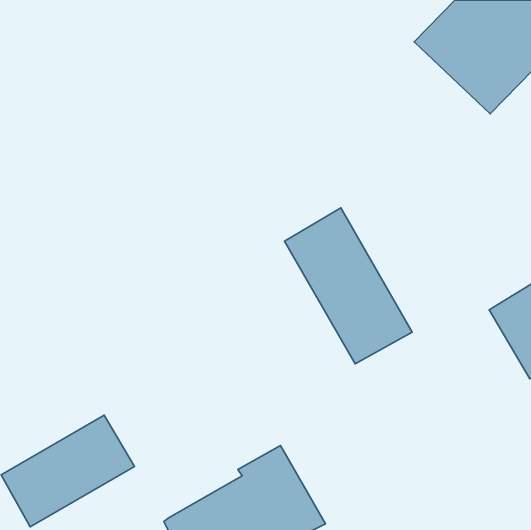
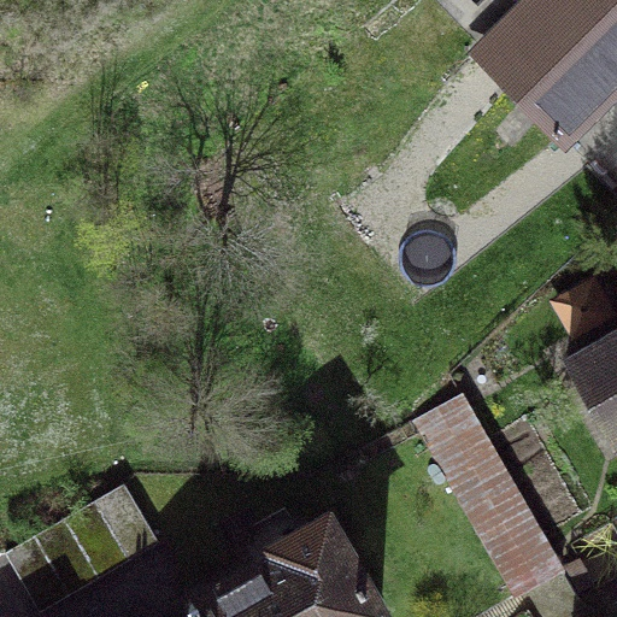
building: [285,208,412,364] -> none
building: none -> [417,398,563,599]

